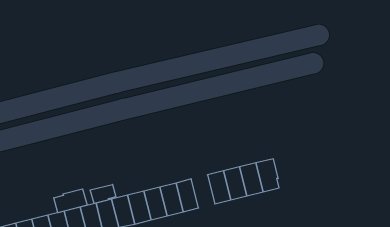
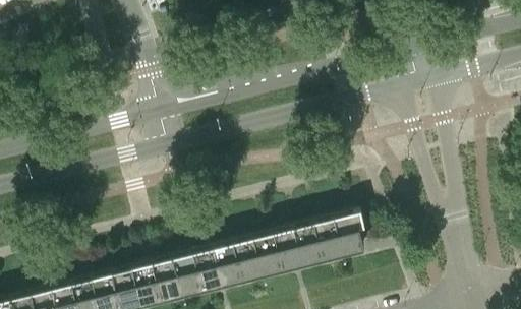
building: none -> [252,232,282,273]
building: [90,184,116,203] -> none
building: [54,189,87,213] -> none

